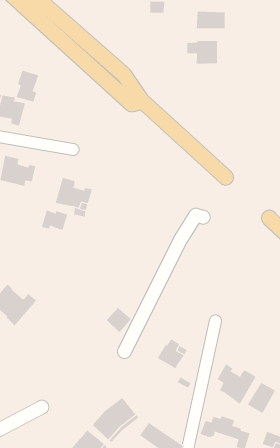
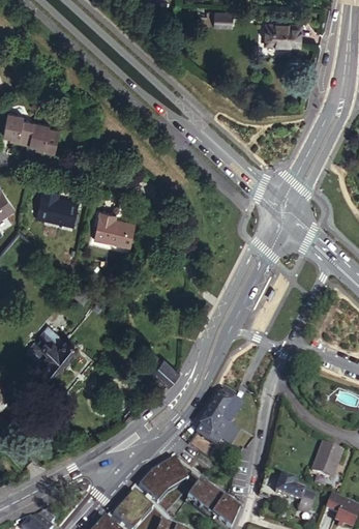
building: [187,40,218,65] -> none
building: [16,70,39,103] -> none
building: [41,209,68,231] -> none
building: none -> [197,413,230,449]
building: [217,363,257,405] -> none

